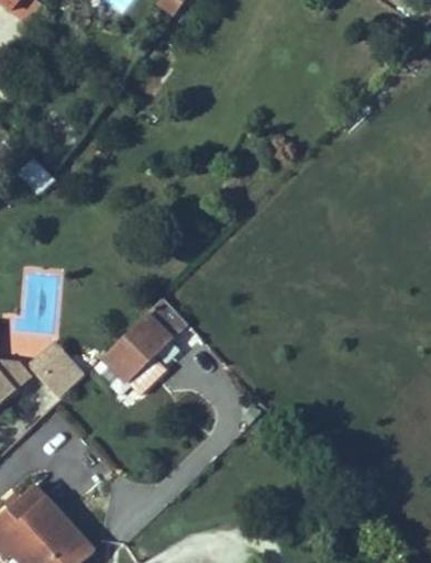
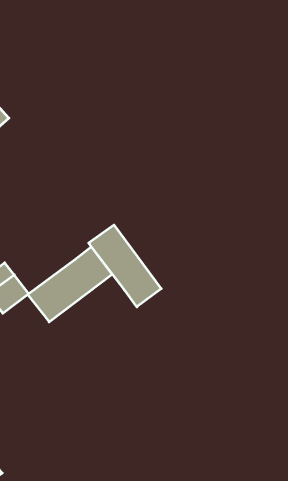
building: none -> [89,225,161,307]

